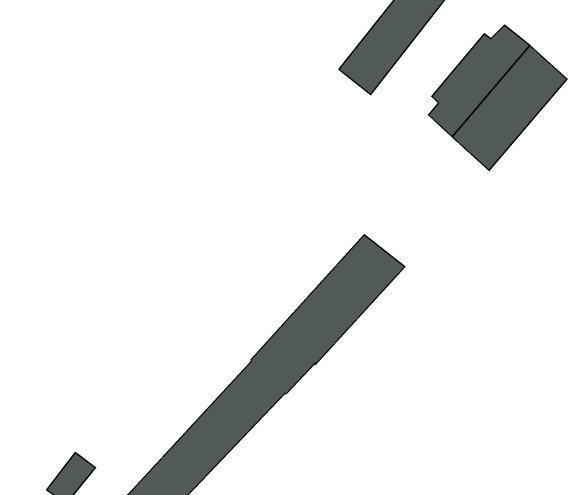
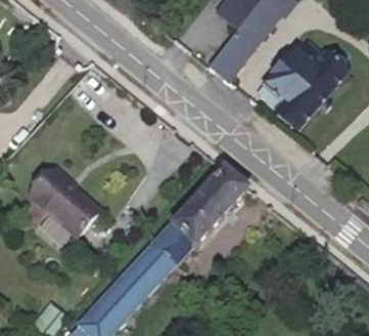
building: none -> [29,170,97,236]

